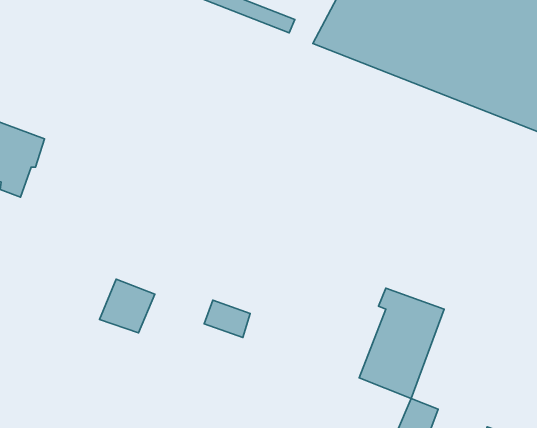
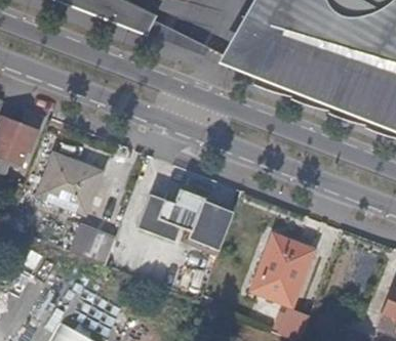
building: none -> [39,146,104,209]
building: none -> [133,185,235,255]

